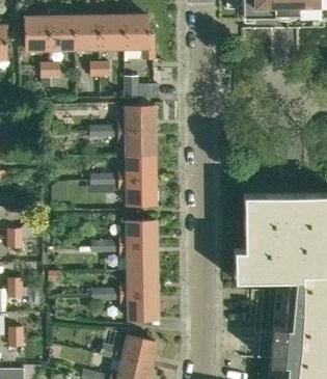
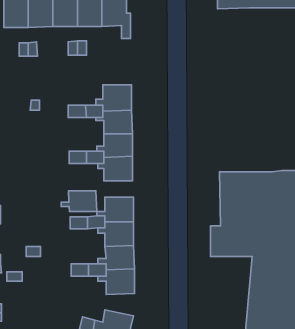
building: [124,77,158,98] -> none
building: none -> [61,191,97,212]

